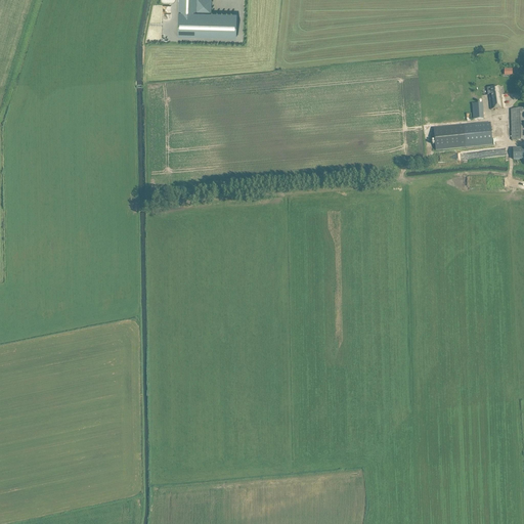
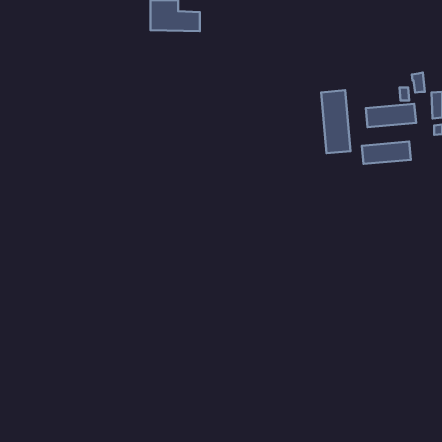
building: none -> [321,90,351,153]
building: none -> [362,141,411,164]

